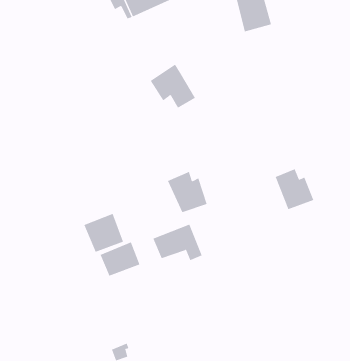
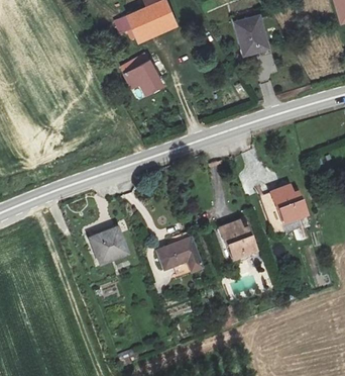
building: [150,64,196,109] -> [119,52,162,94]
building: [167,171,208,213] -> [219,221,257,261]
building: [100,242,140,276] -> none

